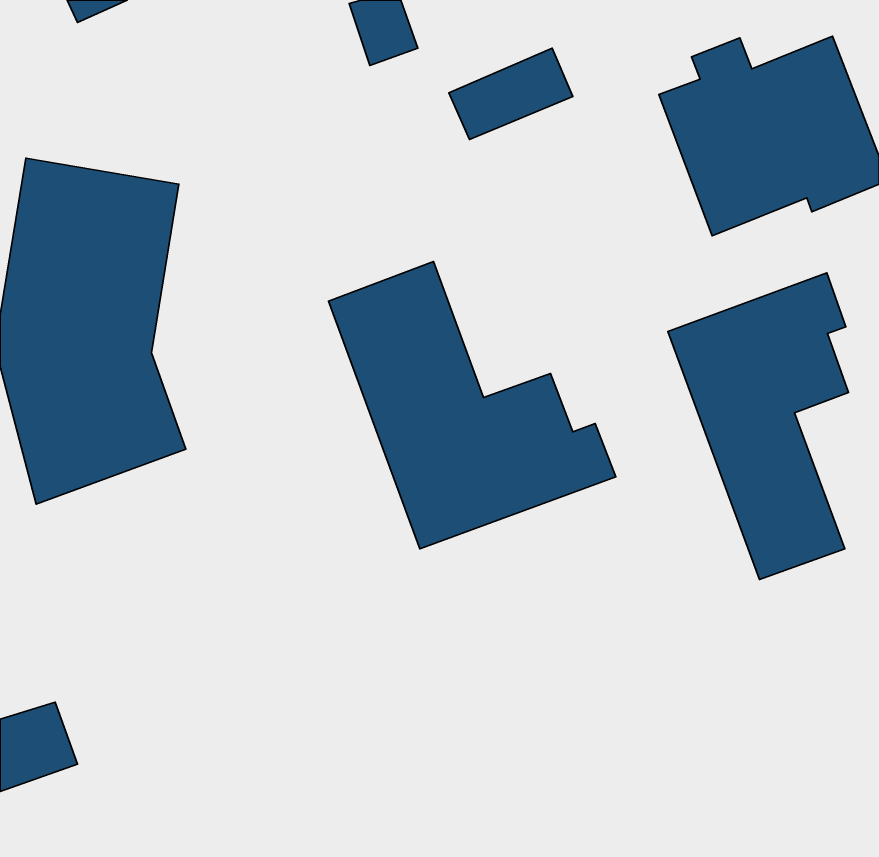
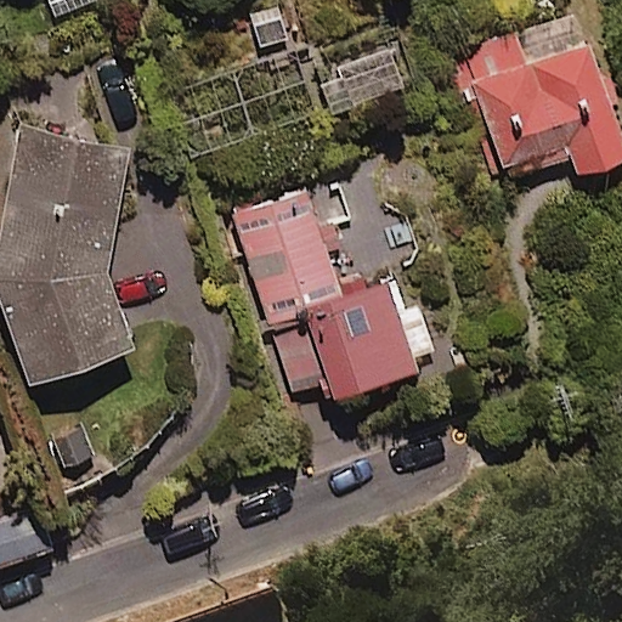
building: [668,273,849,580] -> none

